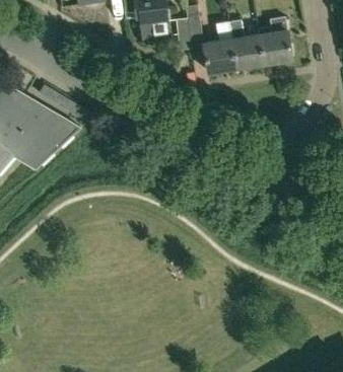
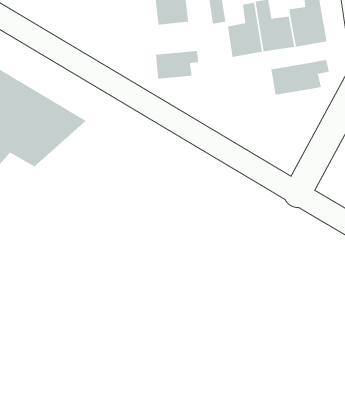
building: none -> [155,50,199,79]
building: none -> [271,59,329,95]

